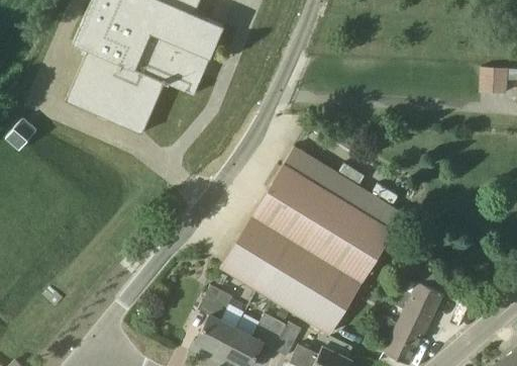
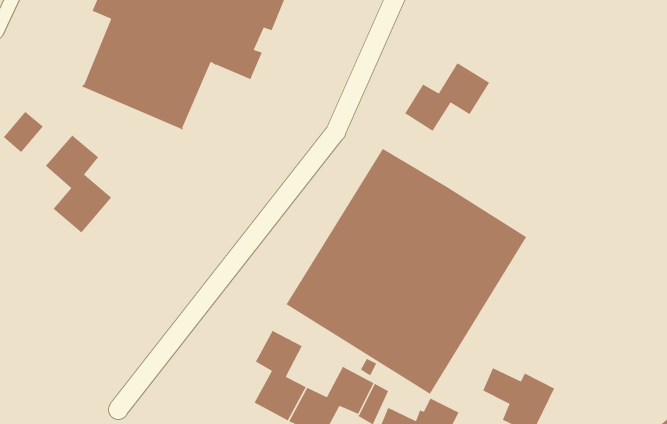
building: [482,69,506,95] -> none
building: none -> [404,62,490,132]
building: none -> [45,135,112,233]
building: [396,281,442,330] -> none

